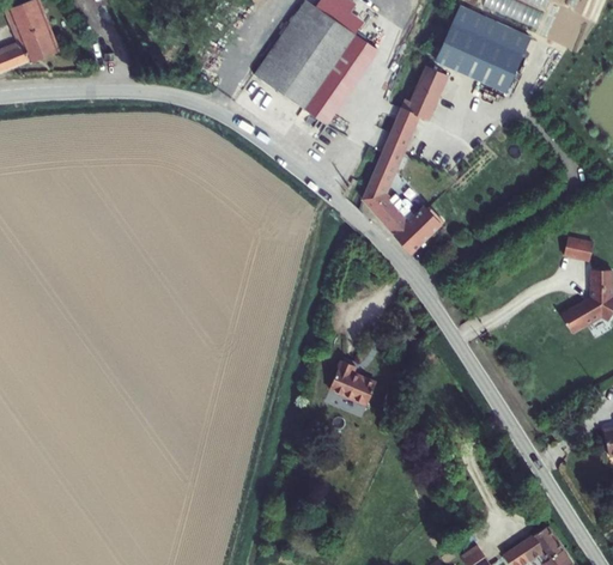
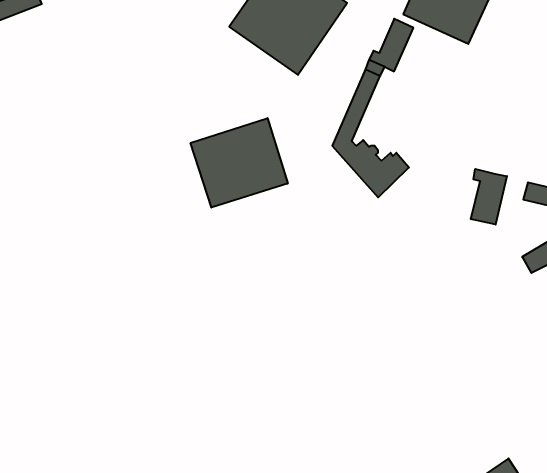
building: none -> [191,118,288,208]
building: none -> [471,169,507,225]
building: [329,360,376,405] -> none

